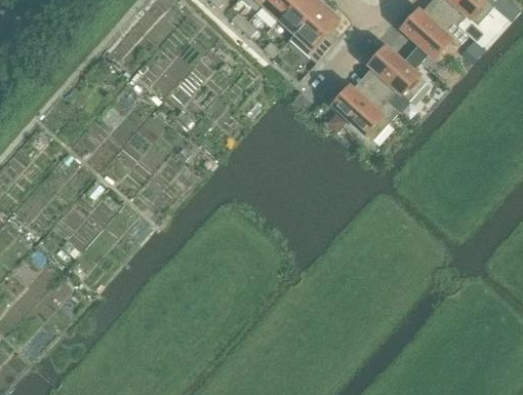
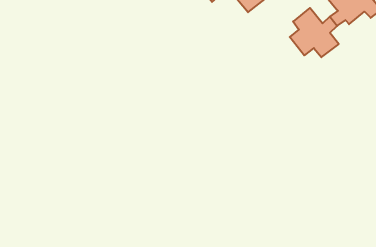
building: [331,81,398,139] -> none

